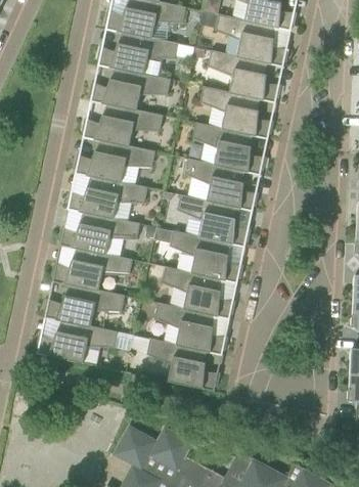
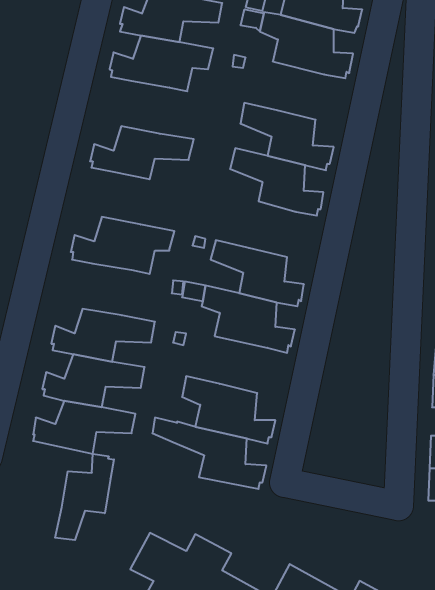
building: [208,50,281,103] -> none
building: [90,69,171,110] -> none
building: [75,140,155,182] -> none
building: [185,158,259,211] -> none
building: [59,213,140,254] -> none
building: [162,266,235,319] -> none
building: none -> [55,454,114,540]

